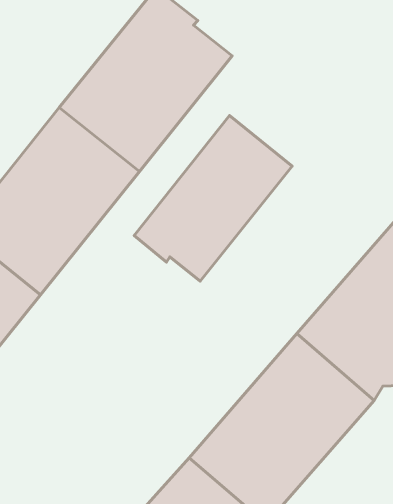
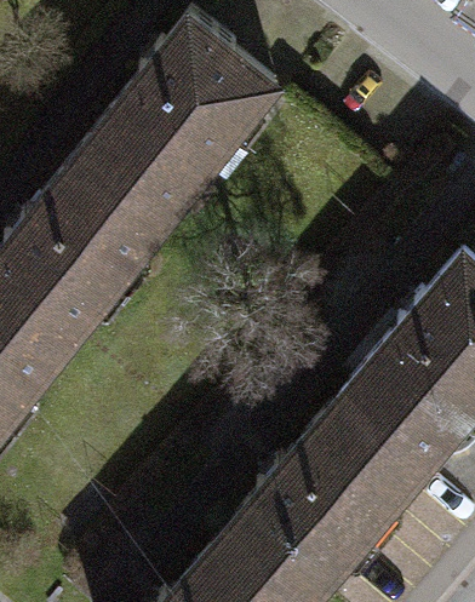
building: [134,115,292,281] -> none

